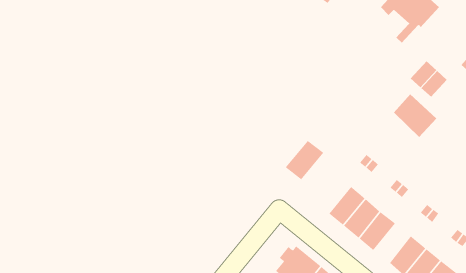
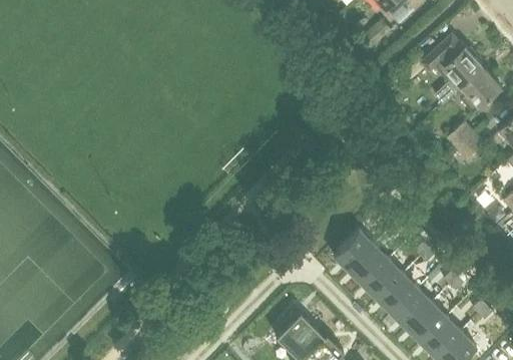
building: none -> [456,67,503,112]
building: [393,93,437,138] -> none
building: [285,140,324,180] -> [332,230,374,271]
building: none -> [391,288,431,328]

